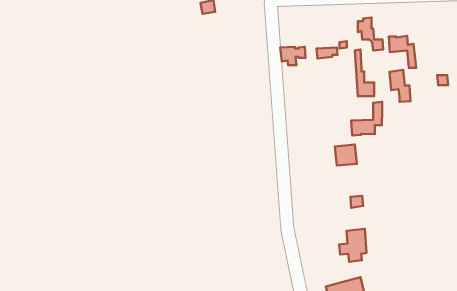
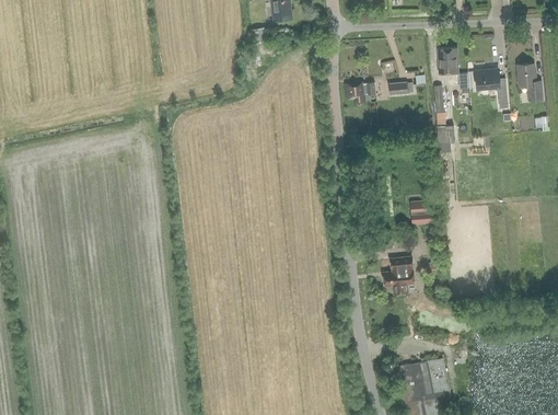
building: [389,70,410,102] -> [516,61,542,100]
building: [351,102,382,136] -> none
building: [339,229,367,262] -> [382,254,415,293]

